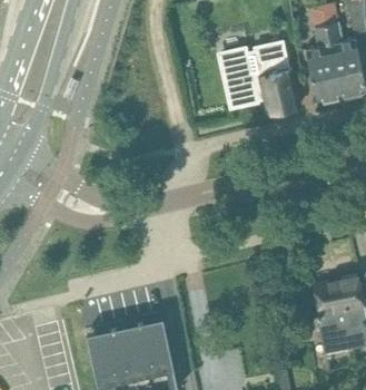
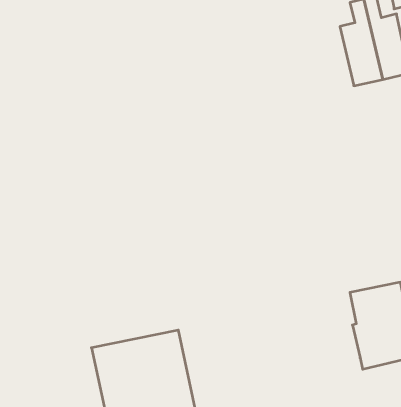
building: [220,45,299,115] -> none

